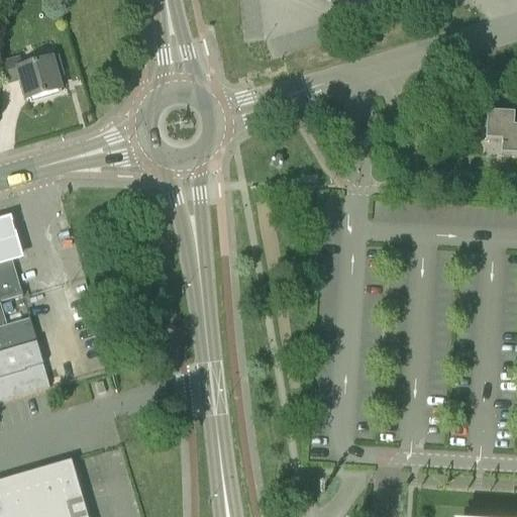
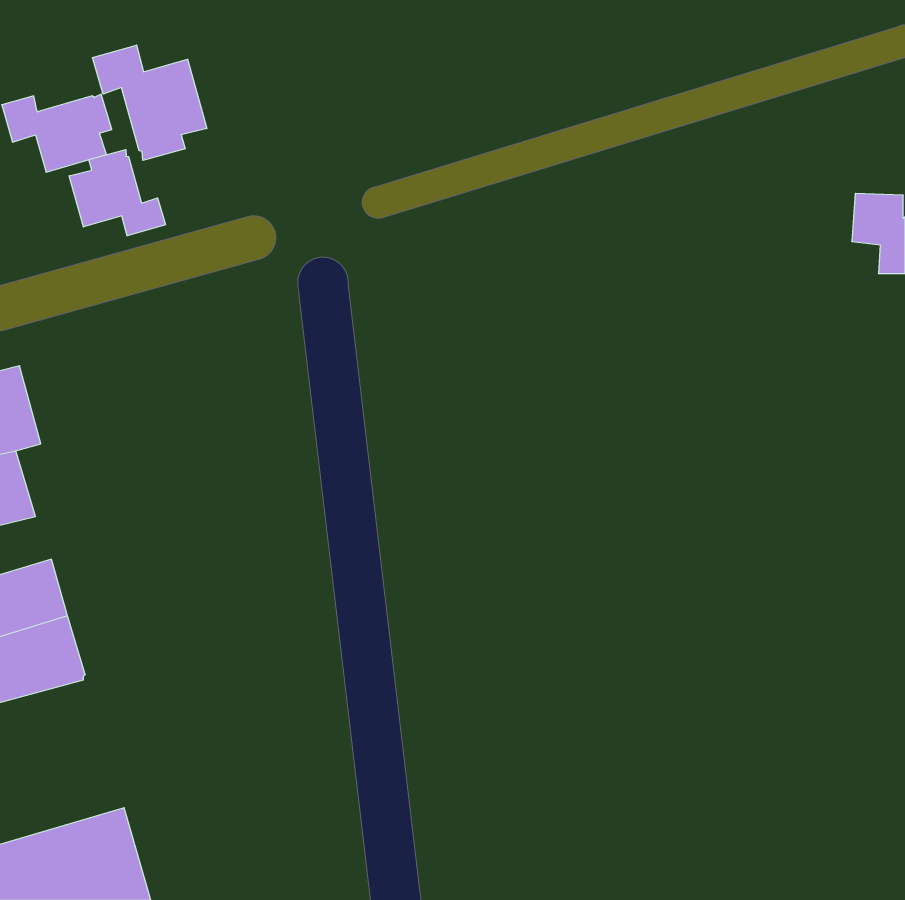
building: none -> [93,45,207,160]
building: none -> [69,150,166,236]

